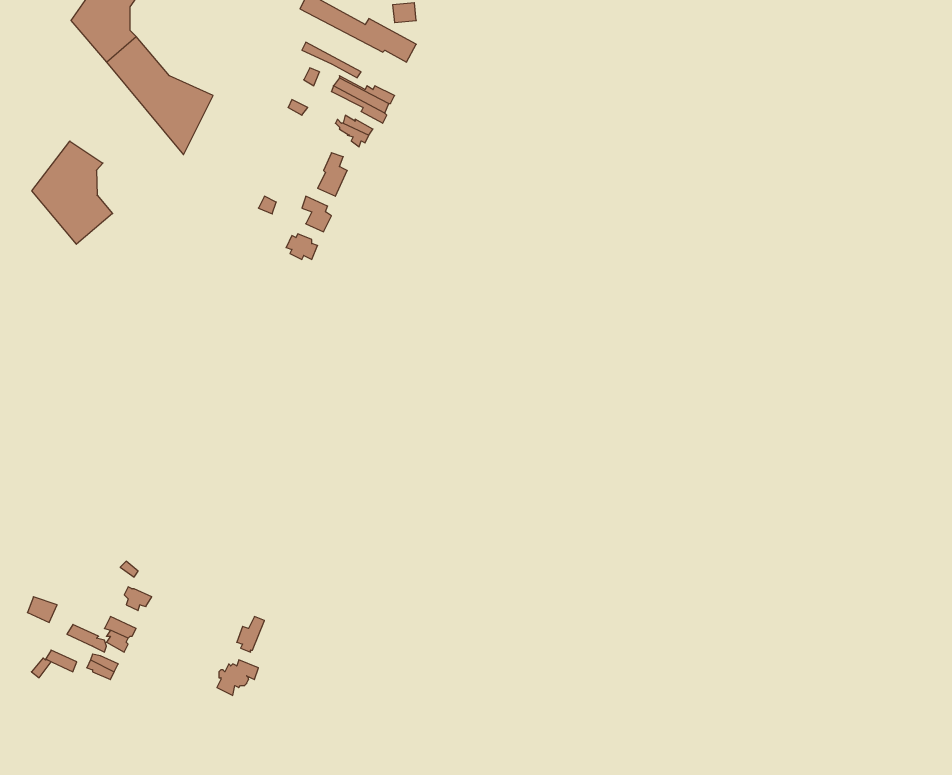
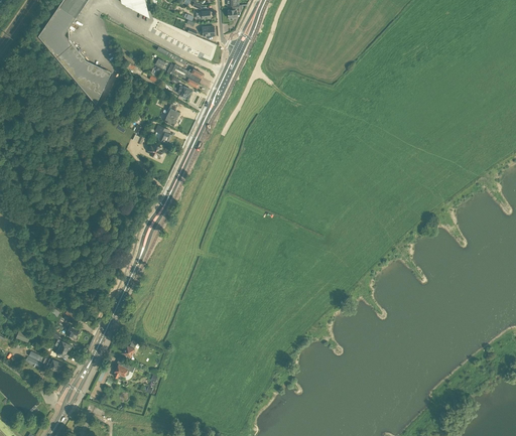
building: [32,141,113,244] -> none

